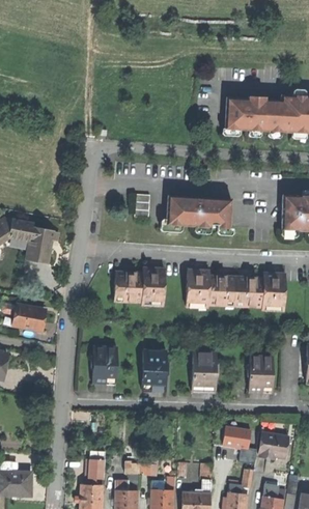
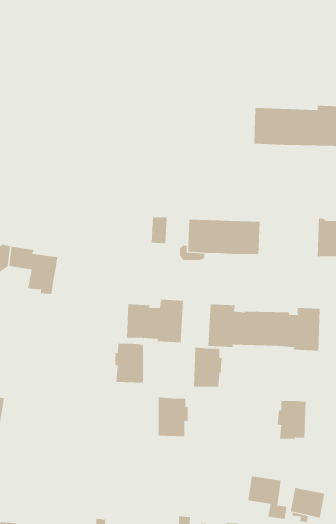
building: [13,304,44,330] -> none
building: [91,346,117,381] -> [114,343,144,383]
building: [192,355,218,390] -> [193,347,223,387]

